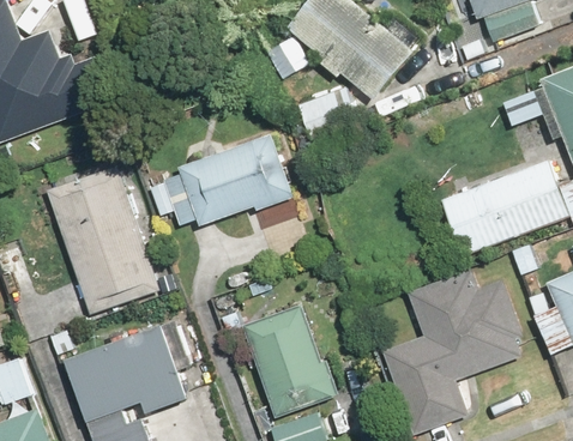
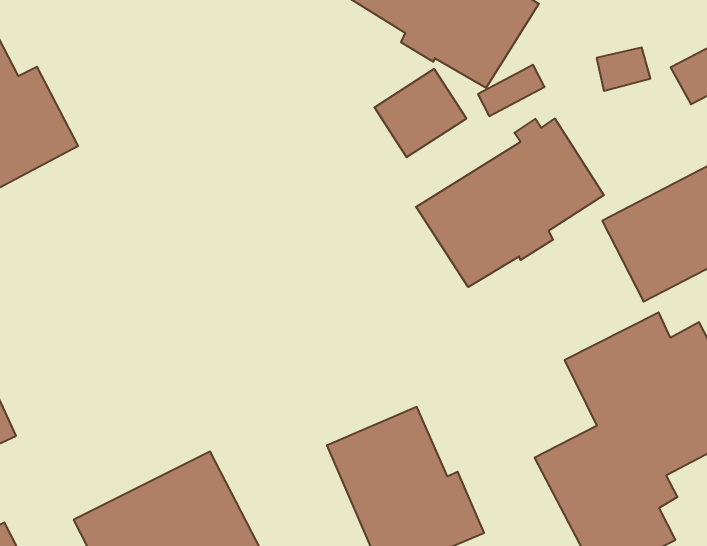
building: none -> [416,119,604,287]
building: [162,132,291,228] -> none
building: [43,161,167,316] -> none

